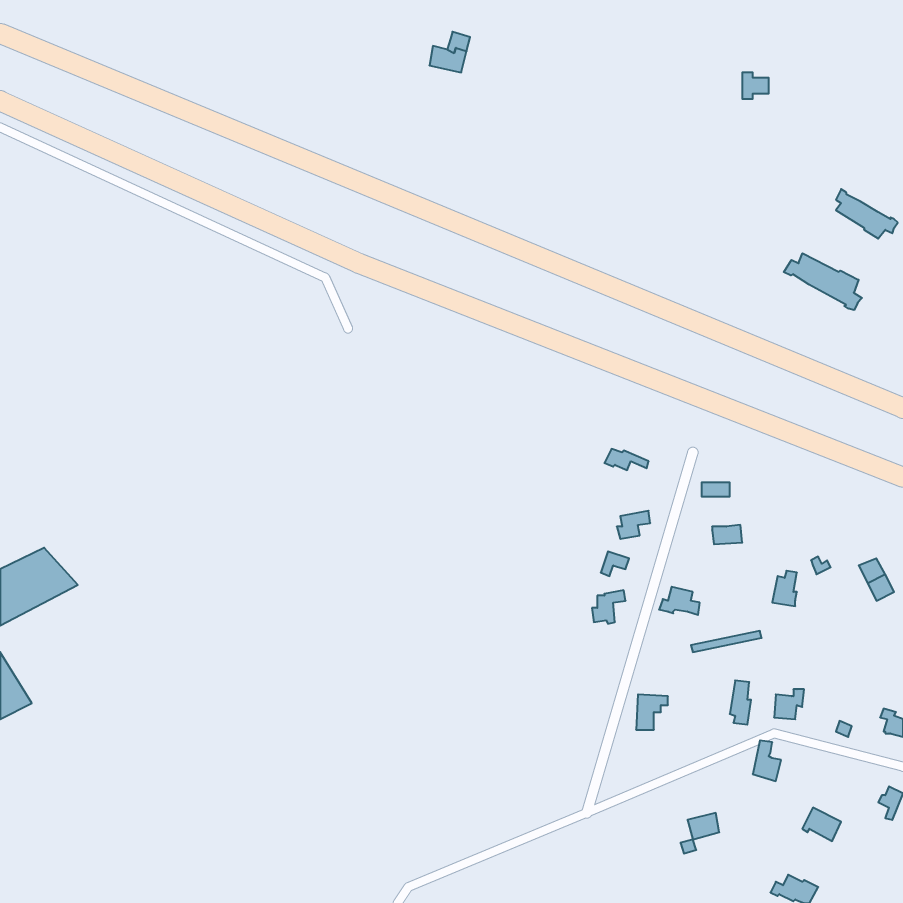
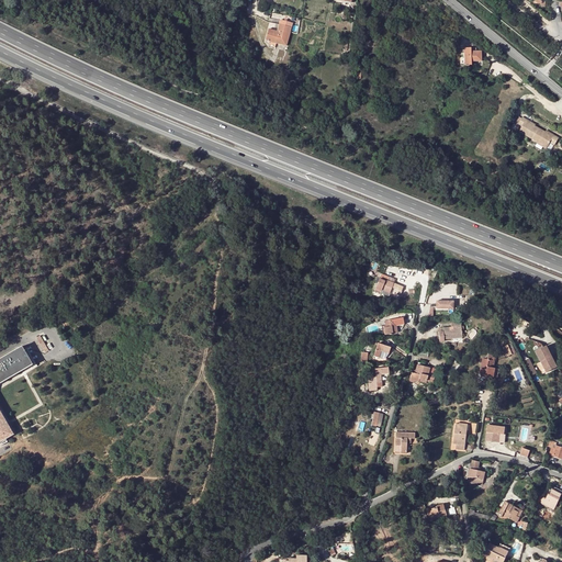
building: [784,253,862,310] -> none

